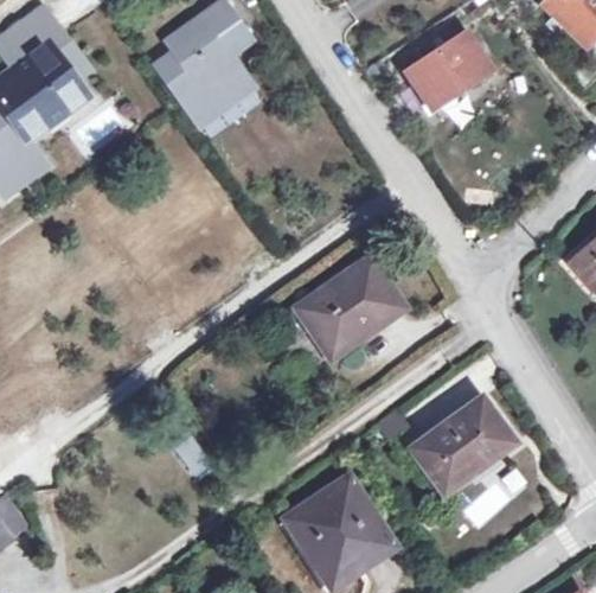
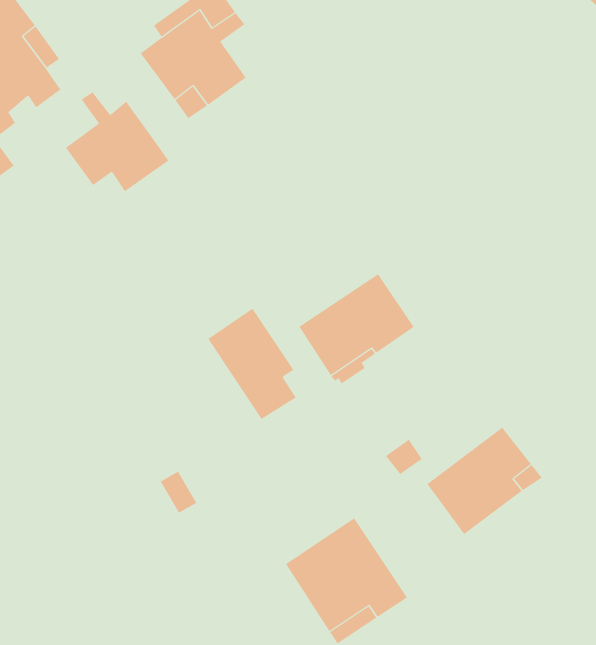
building: [406,31,491,108] -> none
building: none -> [65,91,169,192]
building: none -> [207,308,296,420]

